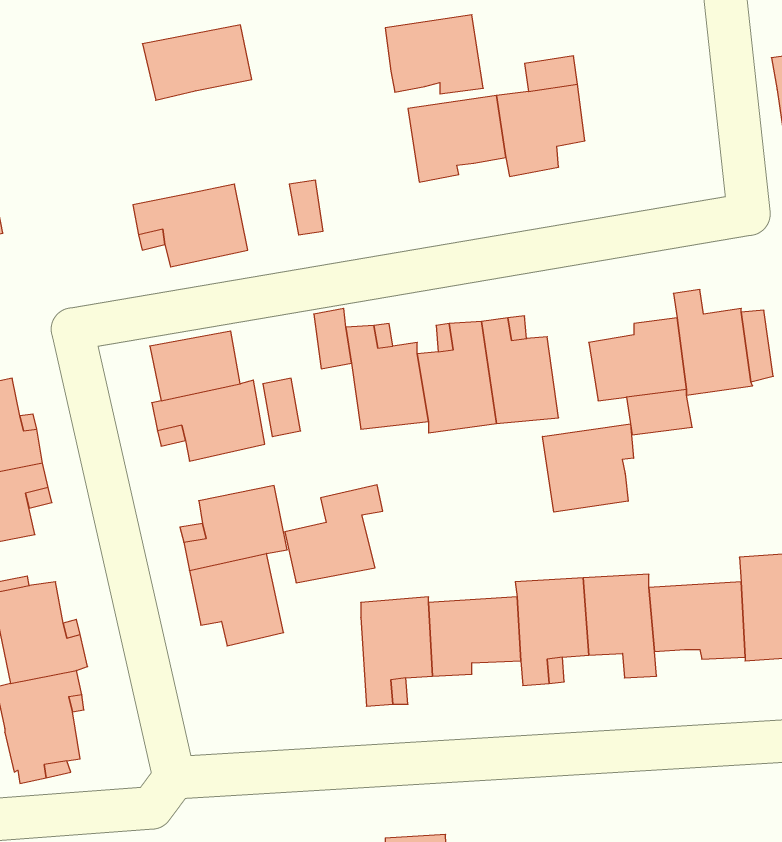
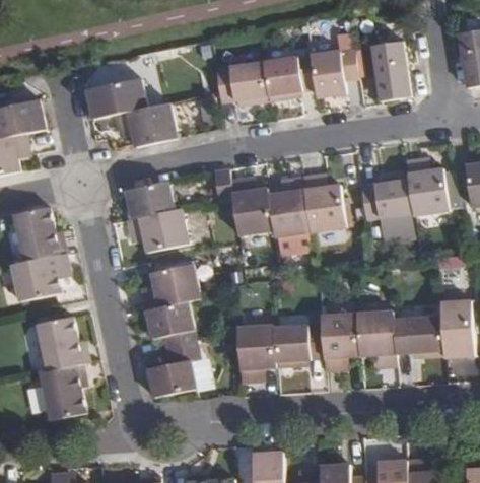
building: [385,15,483,94] -> [216,61,269,104]
building: [142,25,252,100] -> [86,77,145,118]
building: none -> [371,41,410,99]
building: [543,424,634,512] -> none
building: [285,485,383,583] -> [146,343,199,396]

